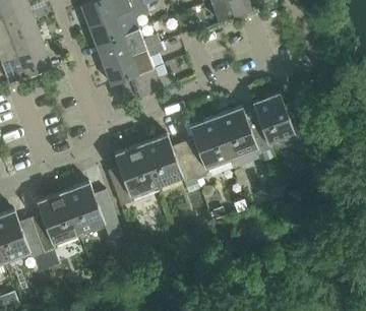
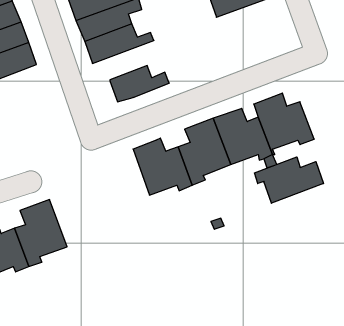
building: [103,44,163,85] -> none
building: [107,144,156,206] -> none
building: none -> [254,157,323,203]
building: [63,182,121,238] -> none

